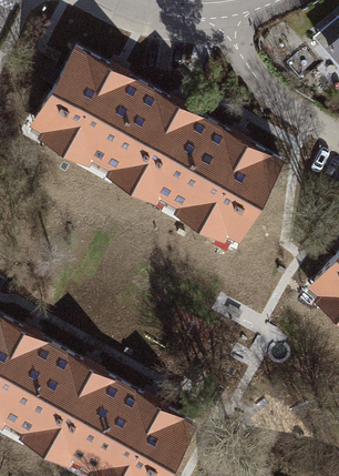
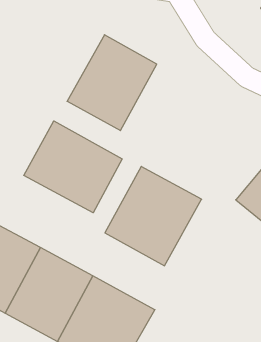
building: [25,49,136,168] -> none
building: [156,121,277,245] -> [105,166,202,266]
building: none -> [24,121,122,213]

